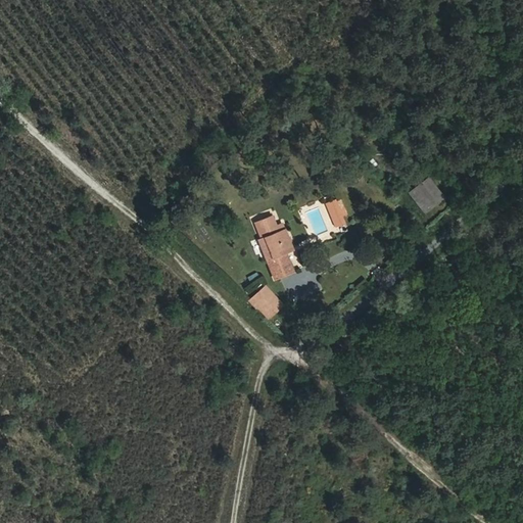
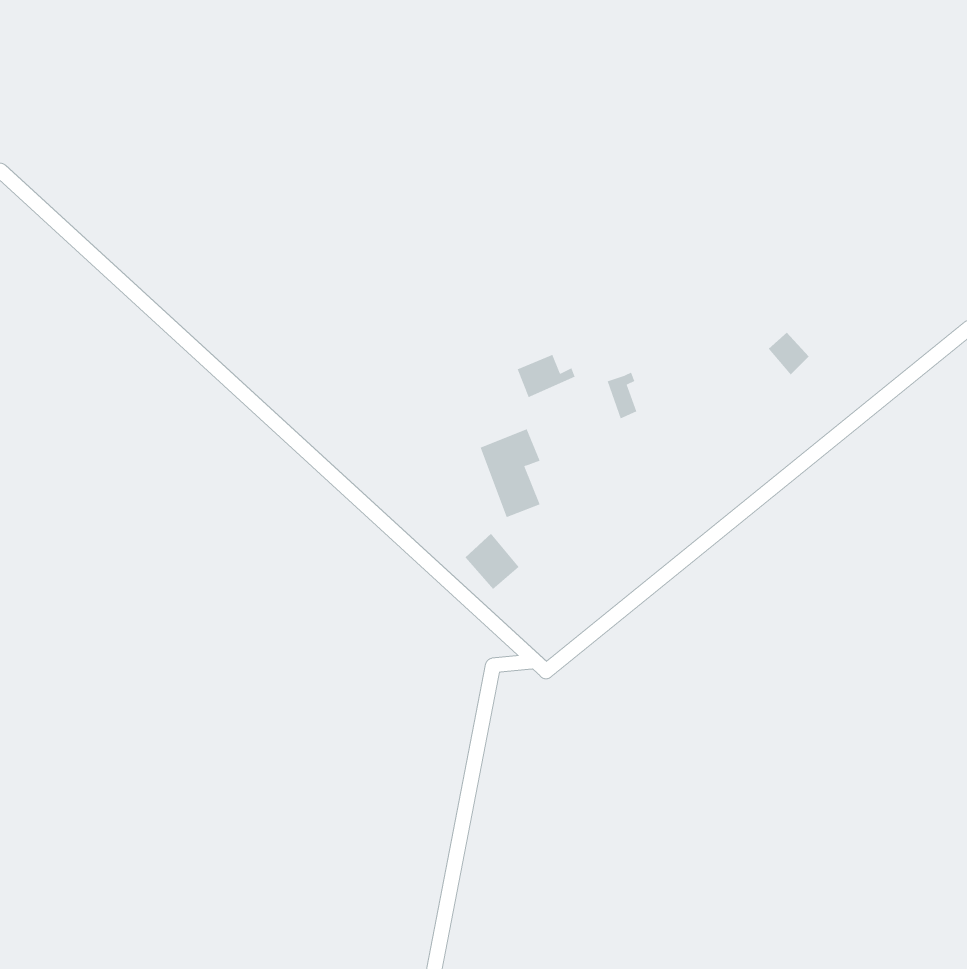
building: [252,215,284,238] -> [517,354,576,398]

